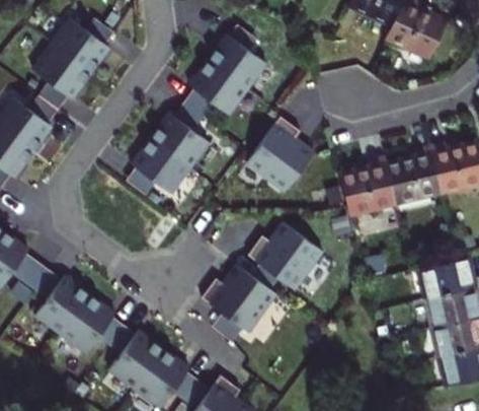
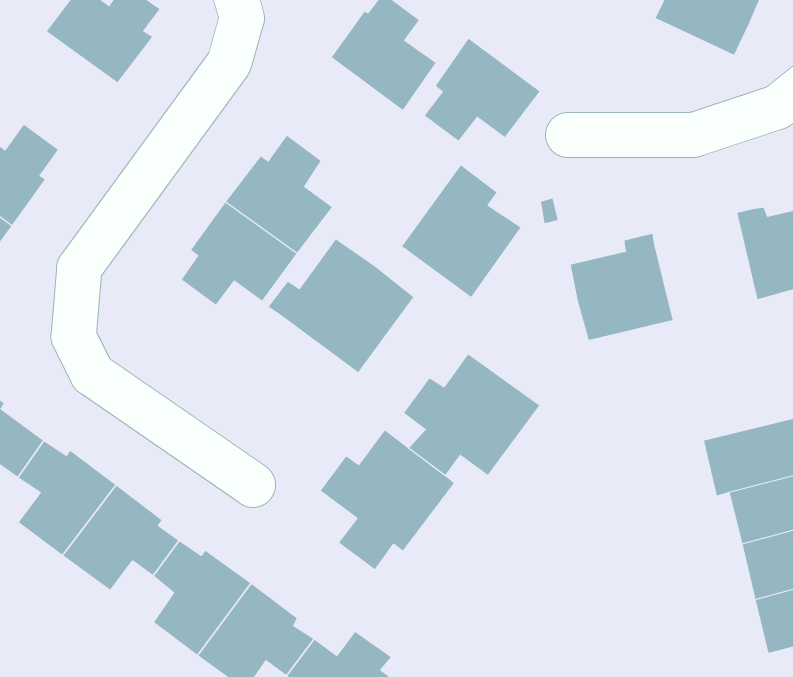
building: [33,47,91,112] -> none
building: [183,61,247,118] -> [424,38,540,141]
building: [385,146,441,205] -> none
building: none -> [268,239,414,373]

